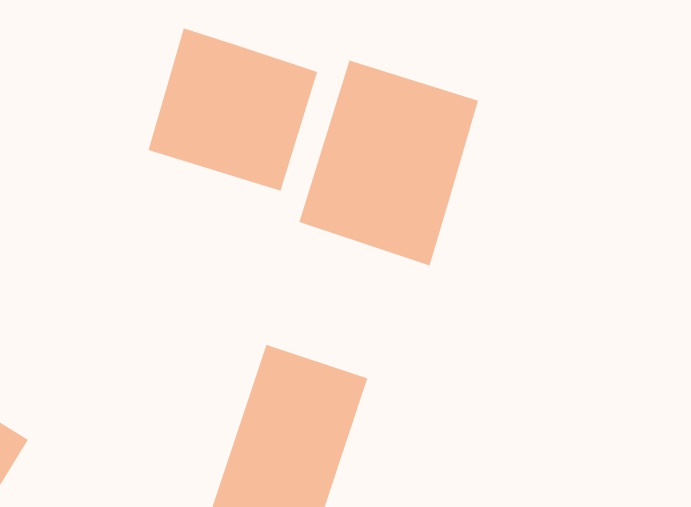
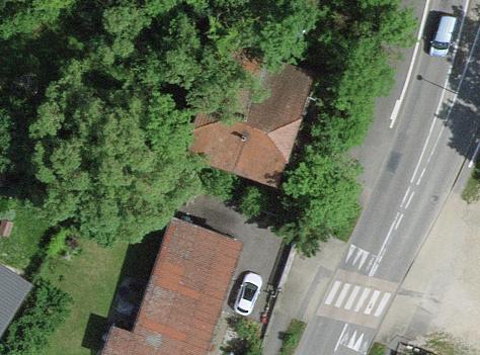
building: [148,27,318,192] -> none

